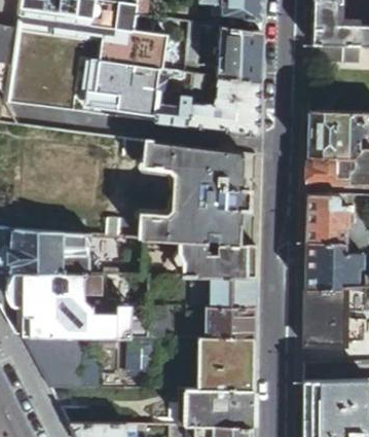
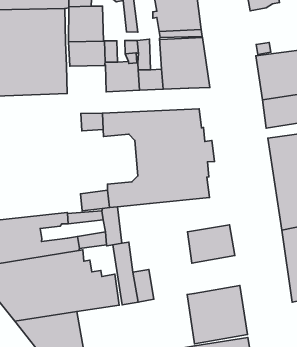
building: [118,88,158,120] -> none
building: [178,240,256,275] -> none
building: [208,306,255,337] -> none

